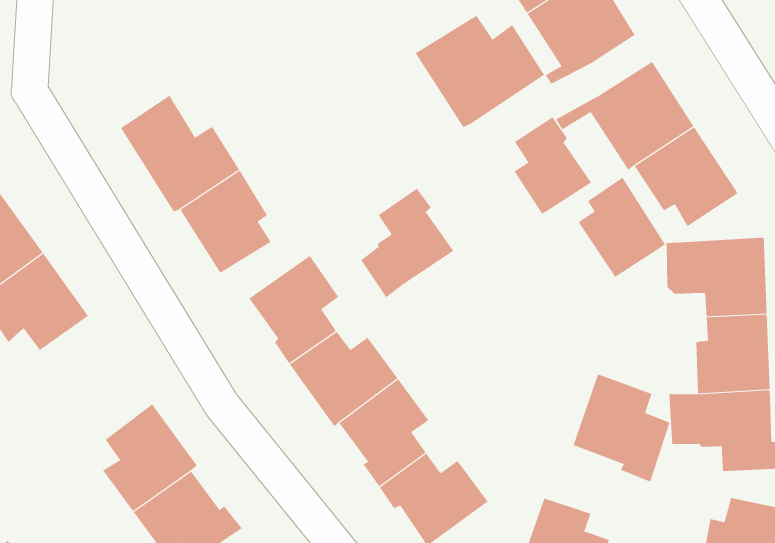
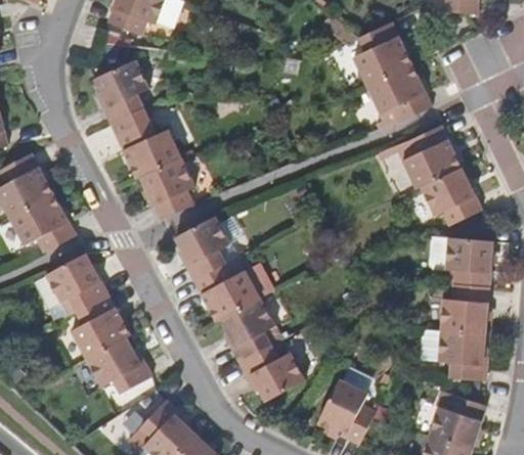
building: [415,15,545,128] -> none
building: none -> [94,60,147,124]
building: [514,117,592,215] -> none
building: [578,177,666,278] -> none
building: [360,188,454,298] -> none
building: none -> [47,253,108,312]
building: [573,373,670,483] -> none

